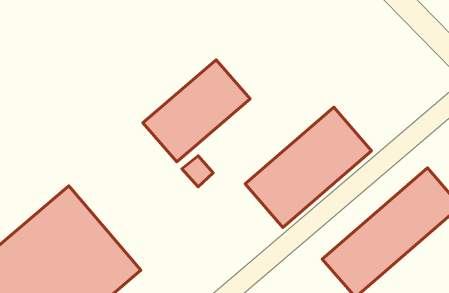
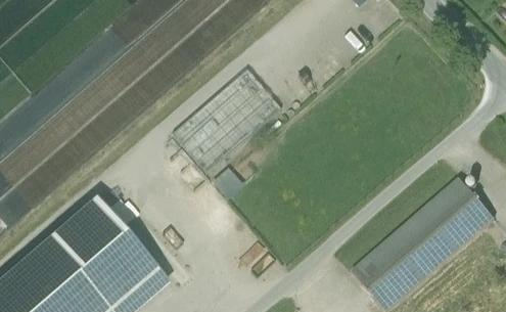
building: [245,107,372,228] -> none

